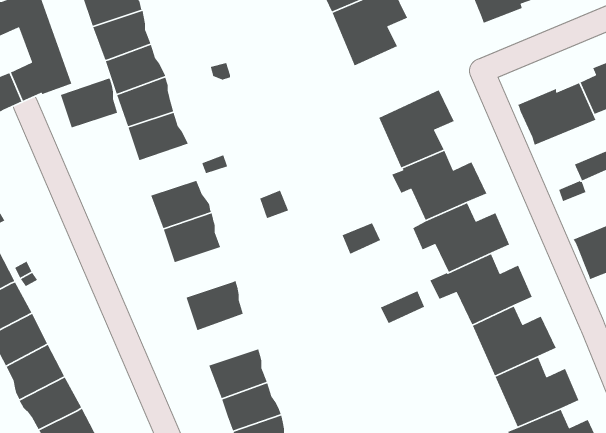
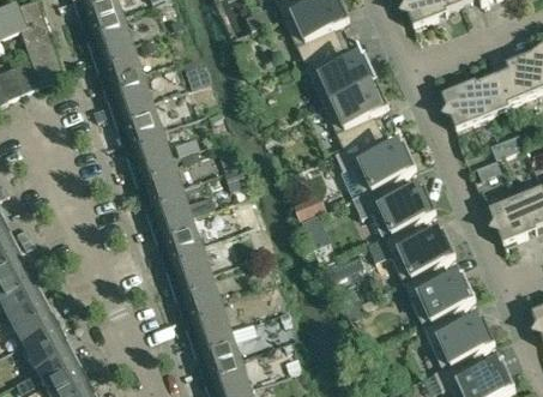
building: none -> [303,43,375,103]
building: [60,78,118,129] -> [121,126,170,169]
building: none -> [151,213,203,255]
building: none -> [170,270,223,313]

